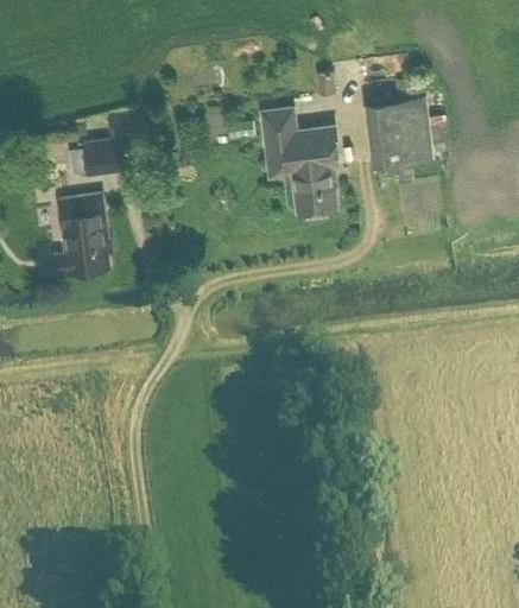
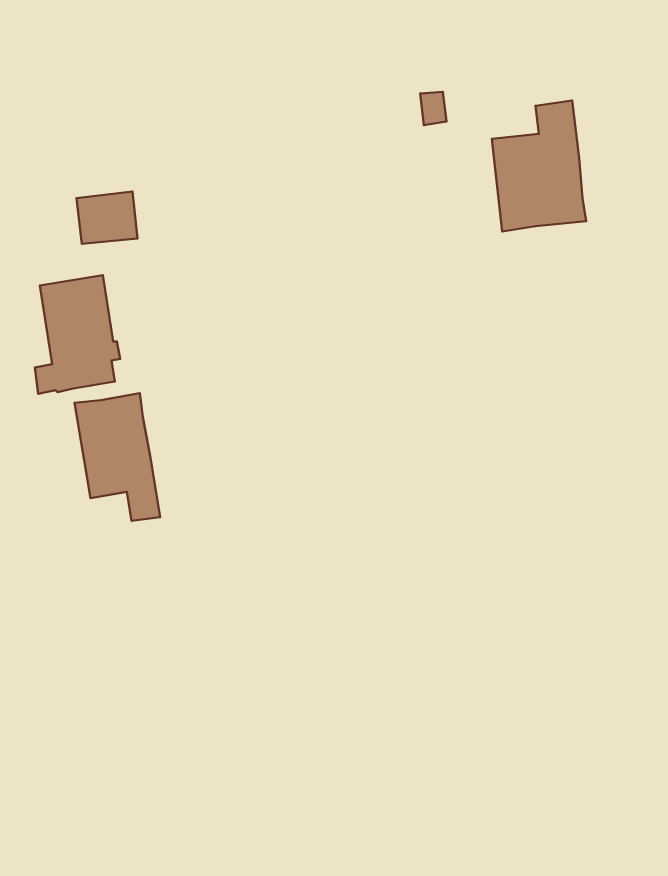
building: [261,109,341,214] -> none
building: none -> [75,393,160,521]

